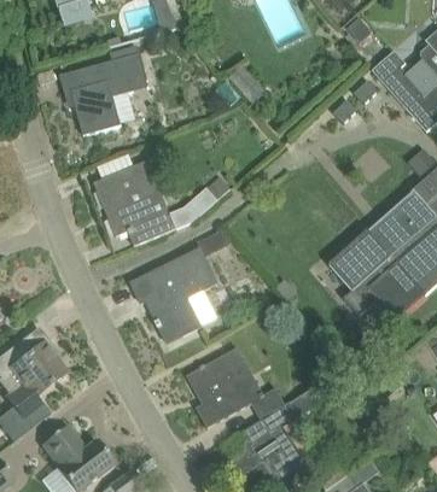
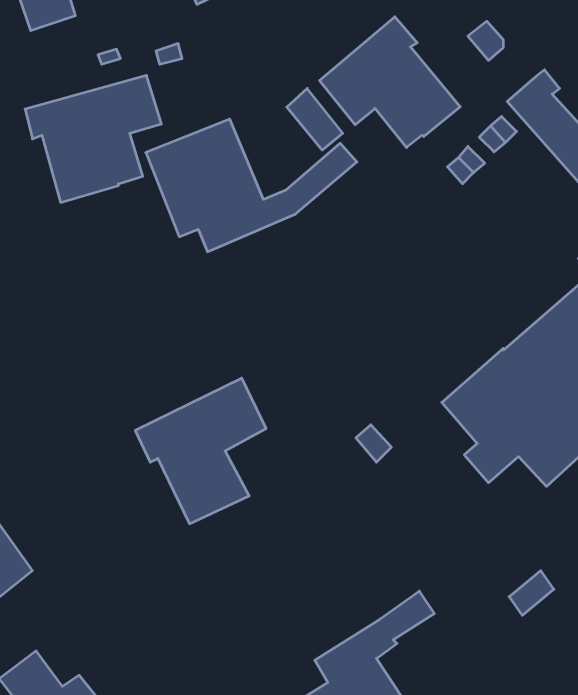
building: none -> [320,17,460,148]
building: [94,160,231,246] -> [146,119,357,252]
building: [187,347,286,427] -> none

